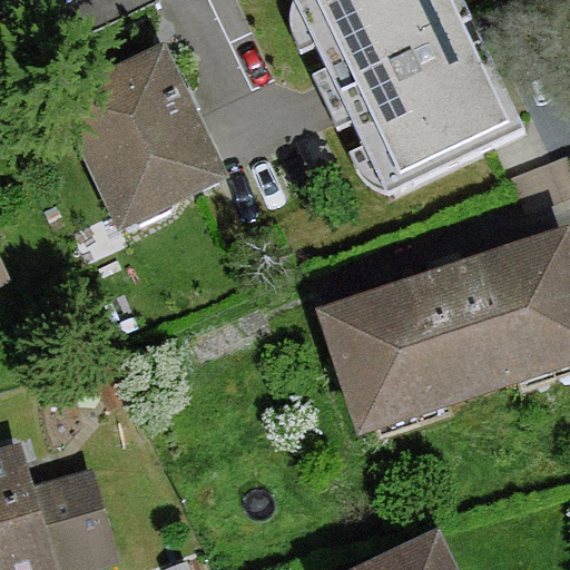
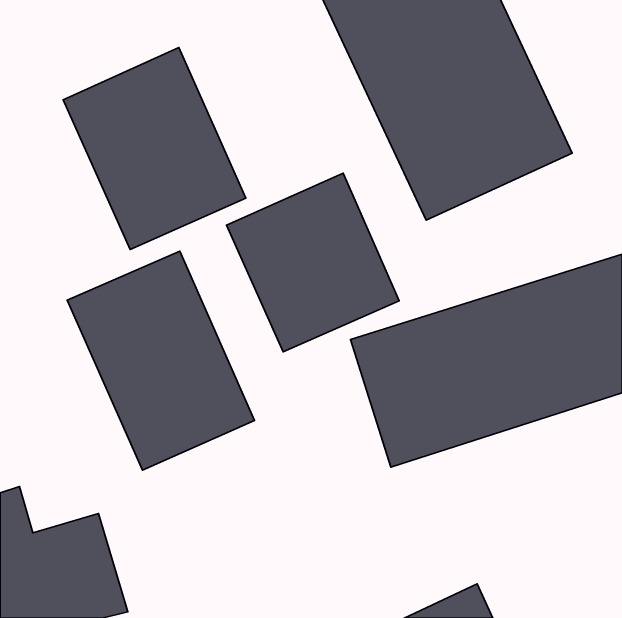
building: none -> [227,173,399,352]
building: none -> [67,251,254,470]

